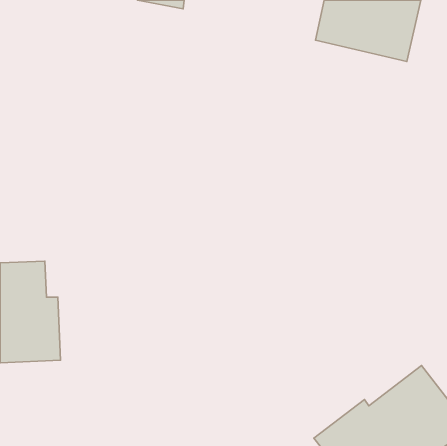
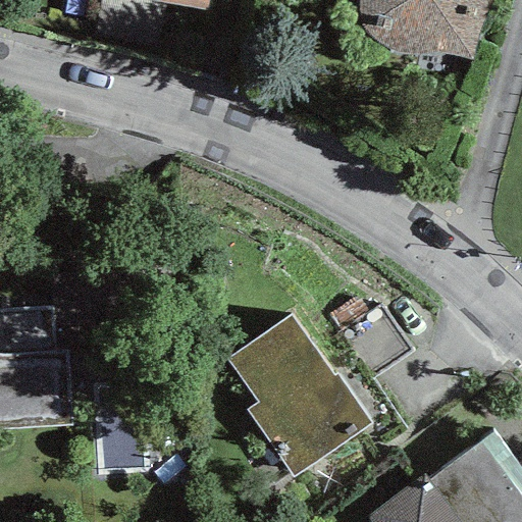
building: none -> [227,313,374,479]

